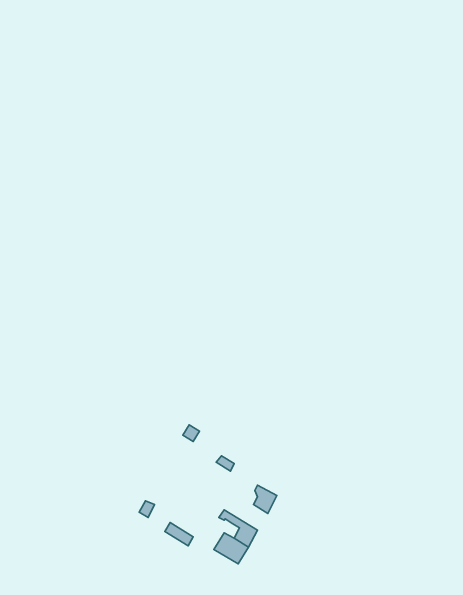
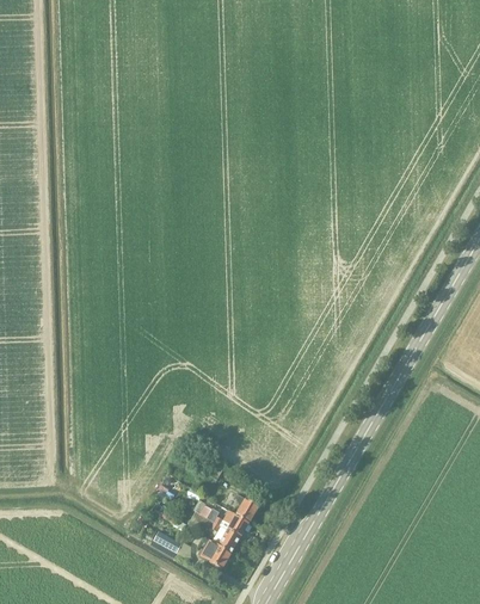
building: none -> [207,506,250,536]

